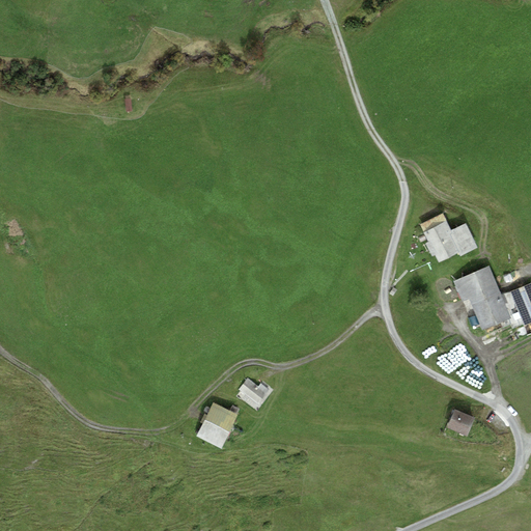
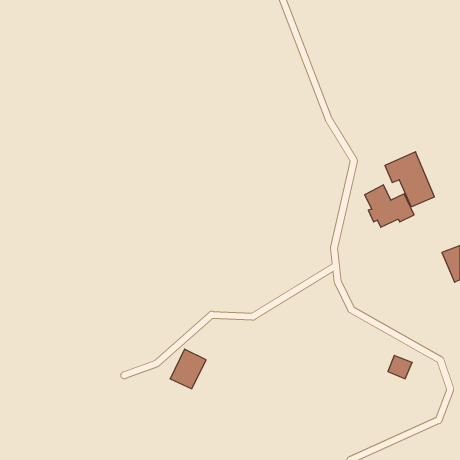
building: [452,266,509,329] -> [385,152,434,207]
building: [237,376,270,403] -> none

